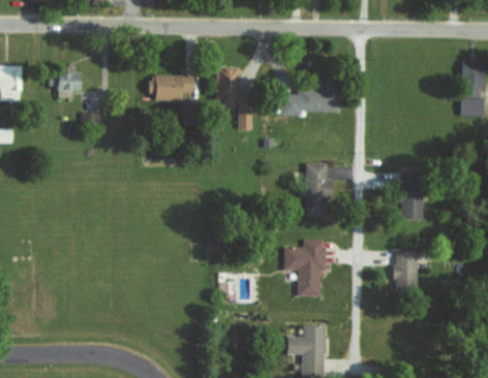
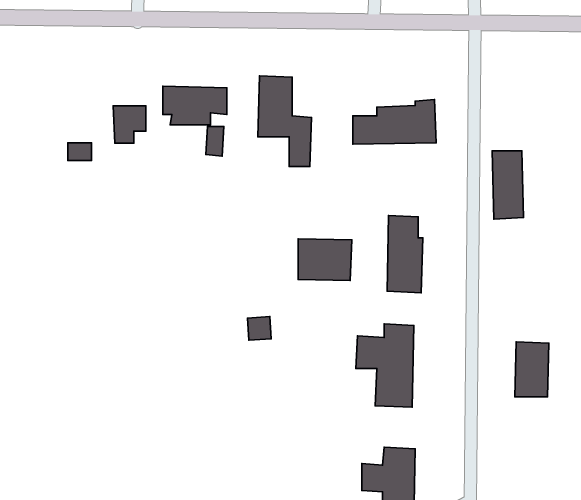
building: [58,72,81,98] -> [113,106,146,143]
building: [401,172,423,220] -> [492,151,523,219]
building: none -> [298,239,352,280]

